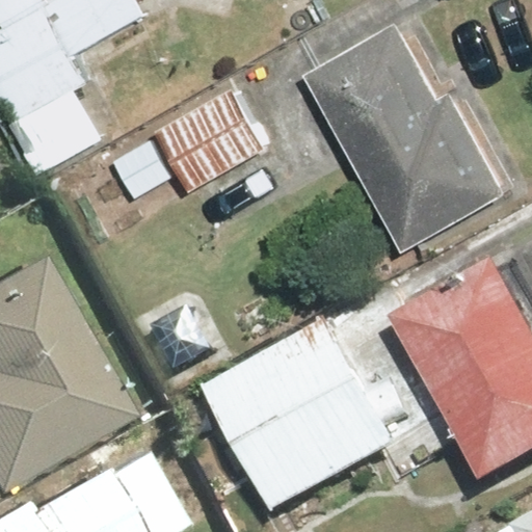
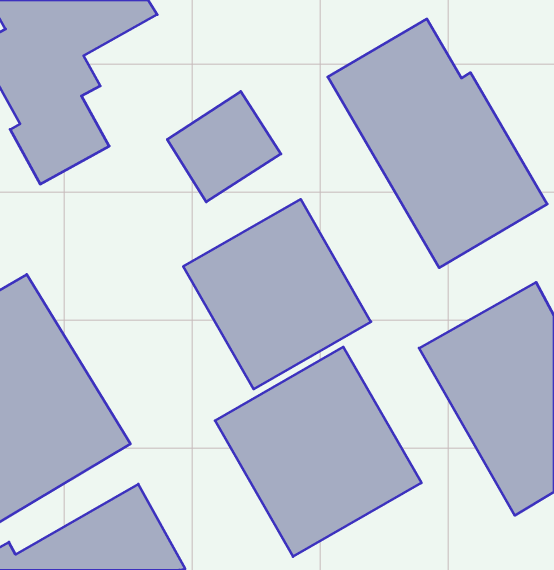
building: none -> [183,199,371,389]

